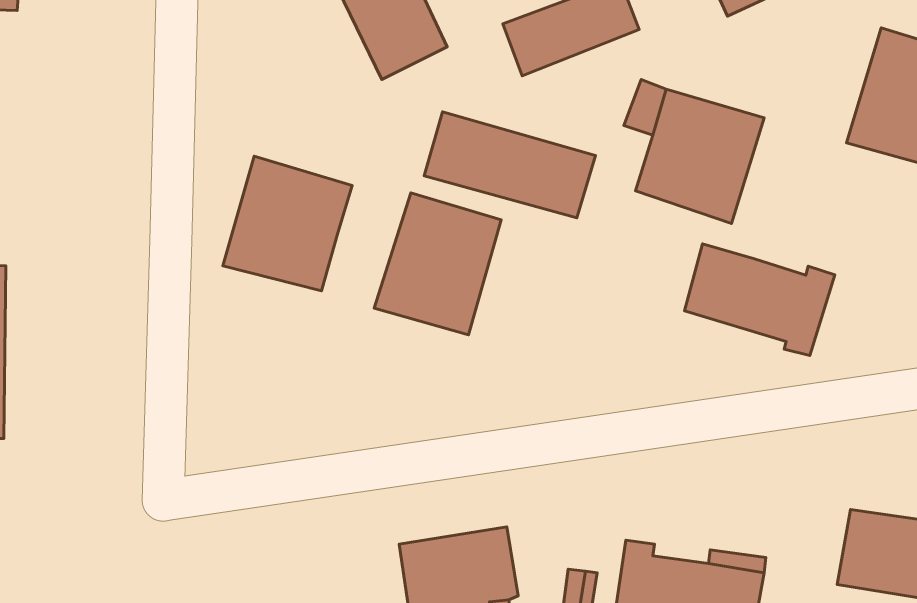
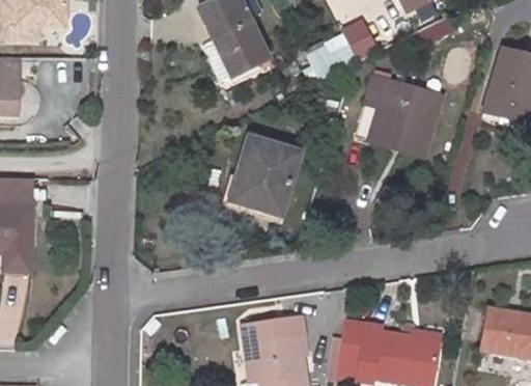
building: [424,112,596,218] -> none
building: [223,156,352,291] -> none
building: [685,244,835,356] -> none

